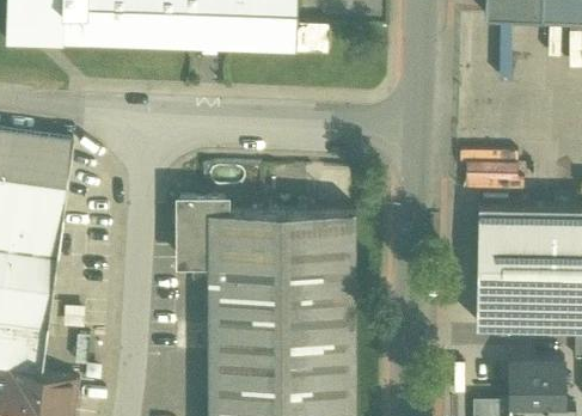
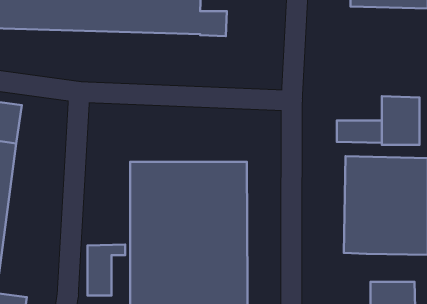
building: none -> [382,96,419,145]
building: [179,198,226,262] -> [88,245,125,295]

